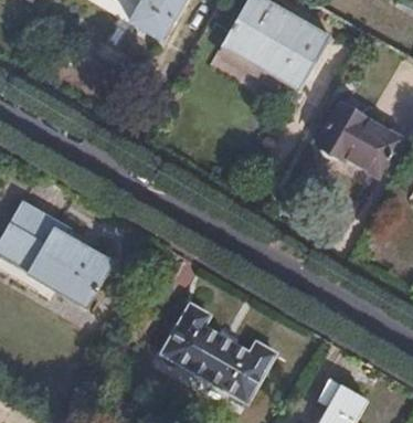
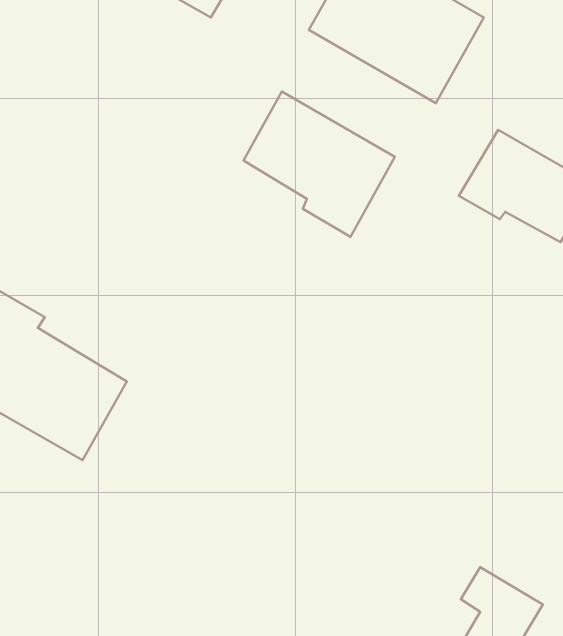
building: none -> [243,92,395,237]
building: [169,302,280,395] -> none

